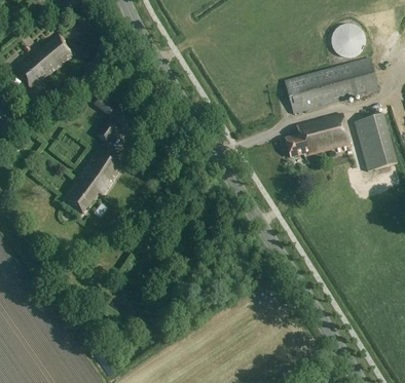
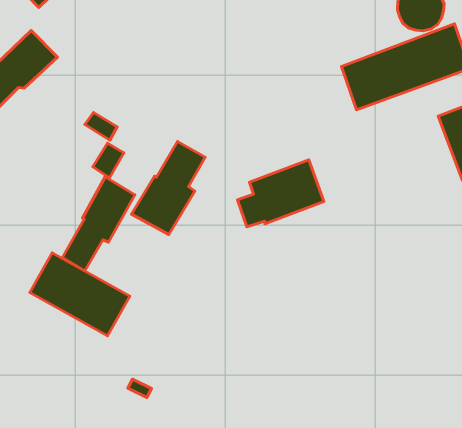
building: [287,111,351,156] -> [237,160,324,227]
building: none -> [132,142,205,235]
building: none -> [30,253,130,336]

